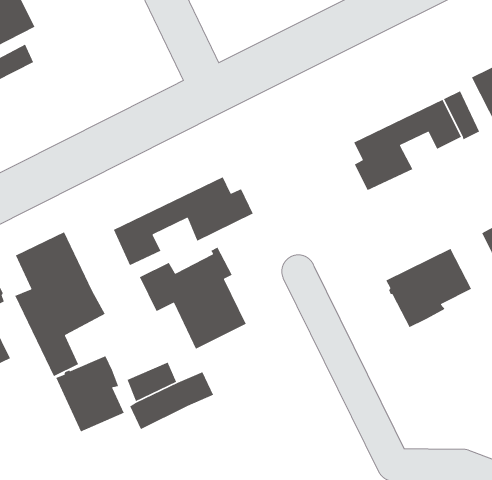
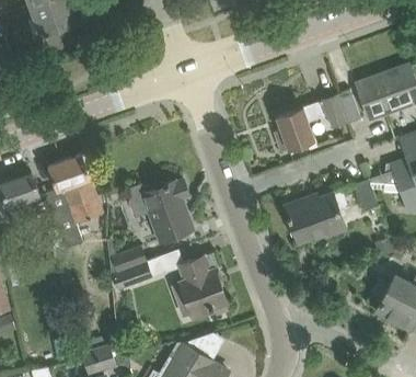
building: [113,176,254,266] -> none
building: [55,355,125,432] -> none
building: none -> [177,253,226,316]

